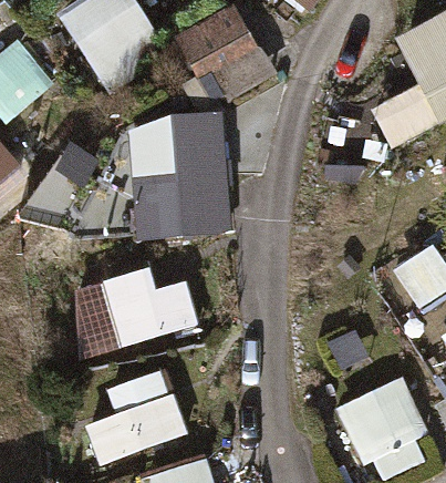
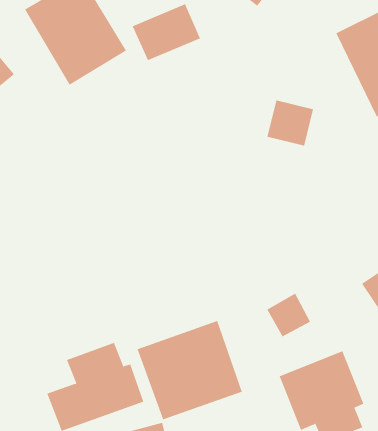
building: [147,121,215,236] -> none
building: [75,266,204,359] -> none
building: none -> [137,320,243,420]

